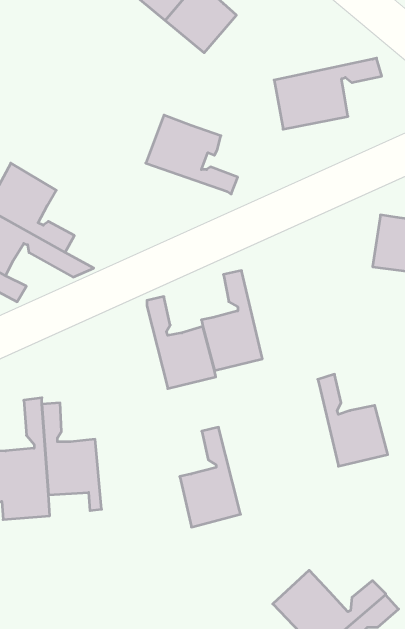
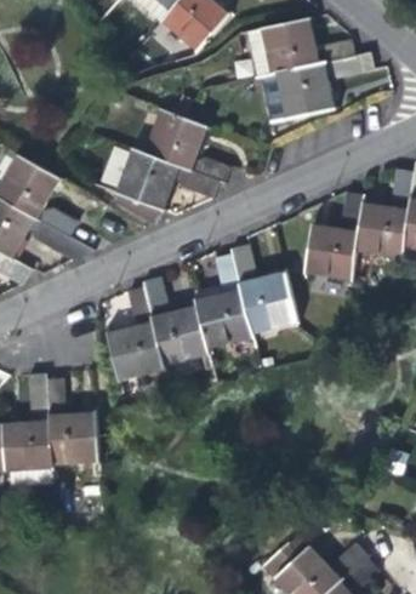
building: none -> [250,17,355,76]
building: none -> [115,149,220,223]
building: none -> [304,194,364,278]
building: [318,374,388,466] -> [232,245,297,331]
building: [180,427,241,527] -> [108,286,165,379]

